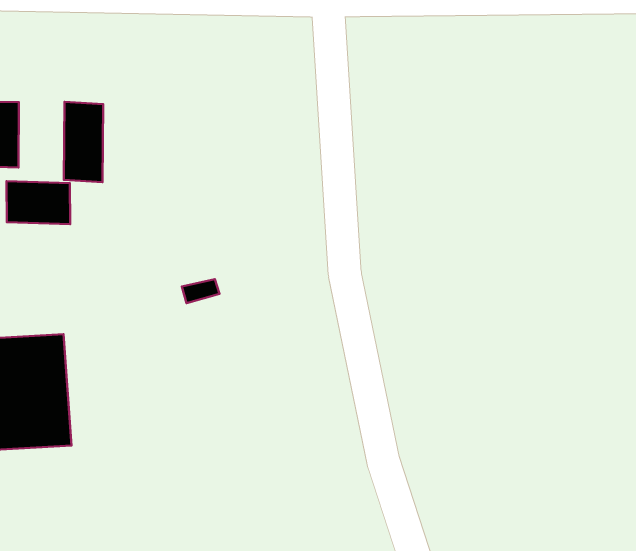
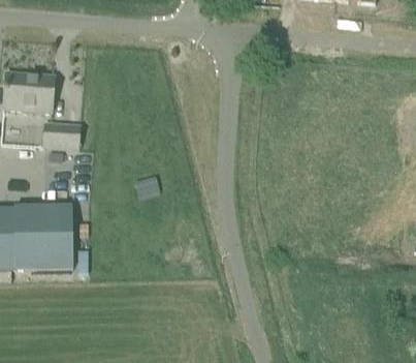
building: [64,102,103,182] -> none

